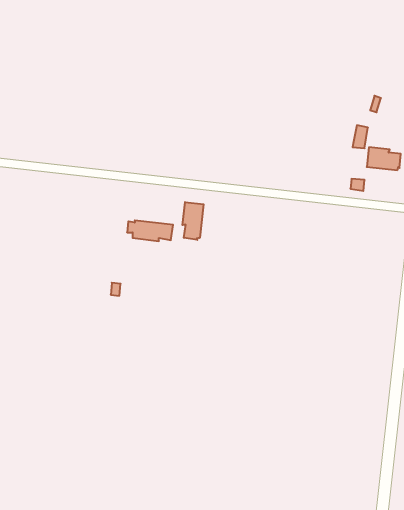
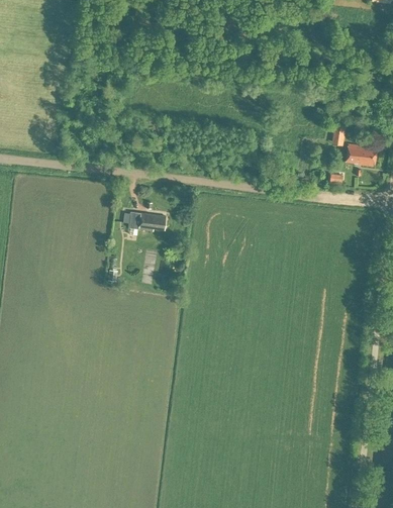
building: [182,202,204,240] -> none

